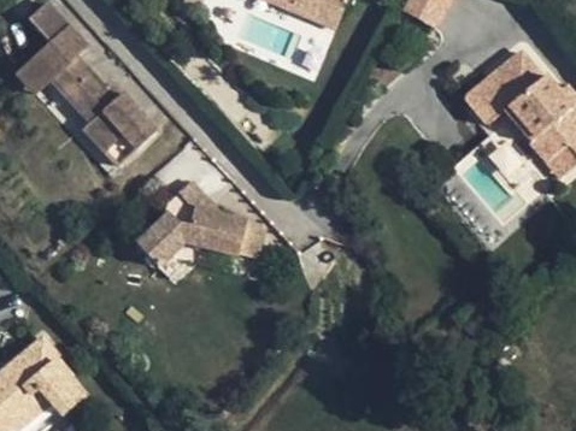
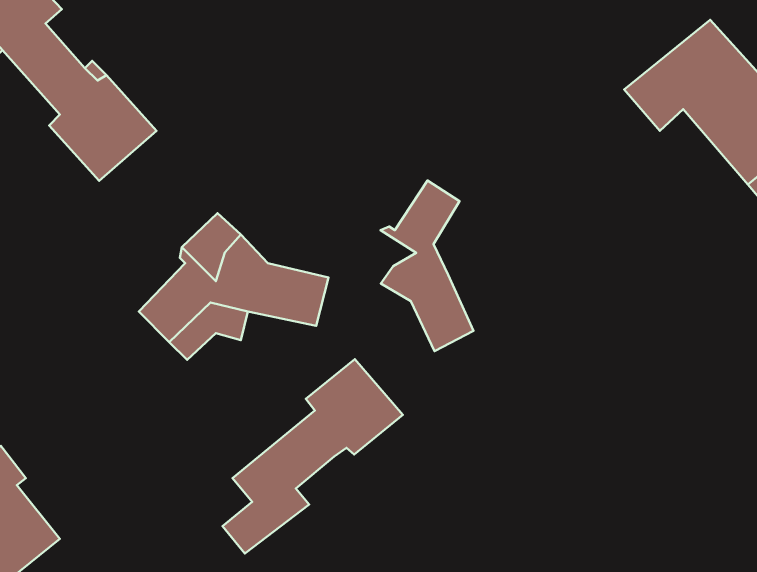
building: none -> [380,181,474,351]
building: none -> [222,359,403,554]

